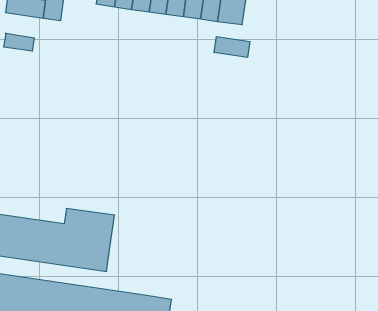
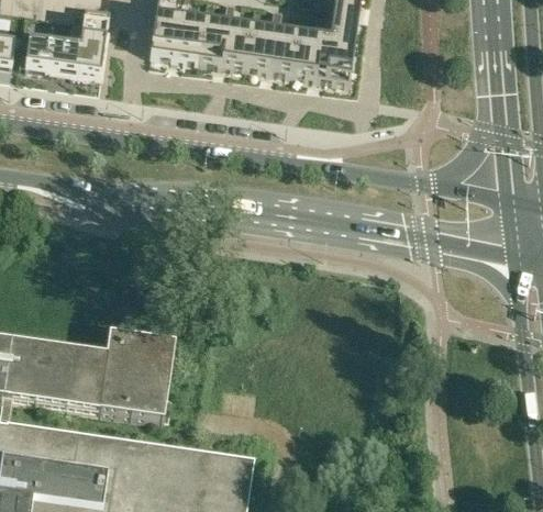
building: [4,33,34,51] -> none
building: [214,37,250,57] -> none

